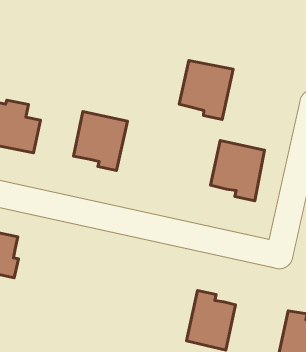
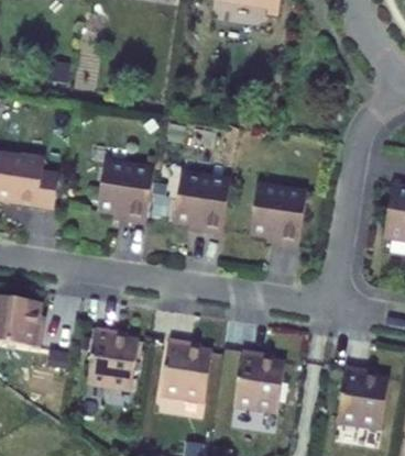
building: [179,61,233,120] -> [174,173,231,235]
building: none -> [87,326,139,390]
building: none -> [160,338,212,401]

